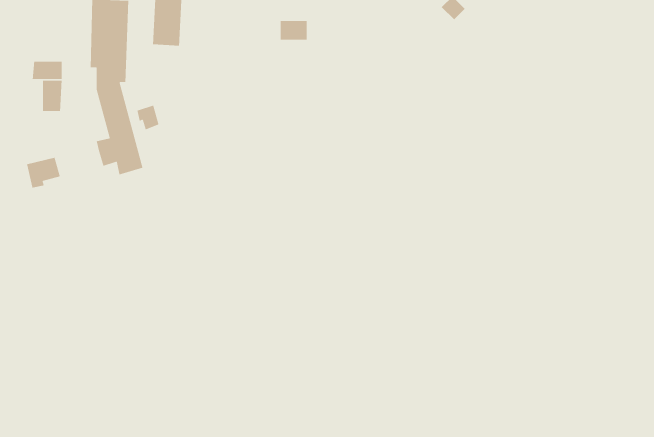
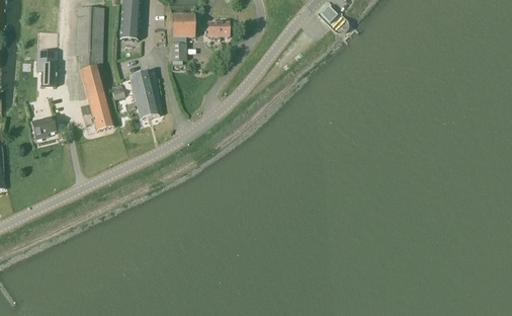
building: none -> [170,13,193,59]
building: none -> [129,71,160,118]

